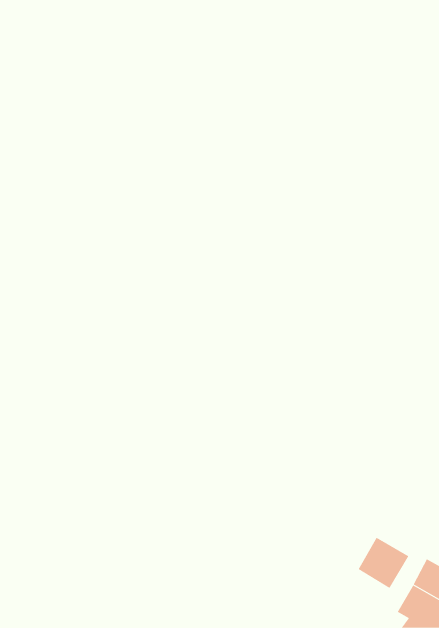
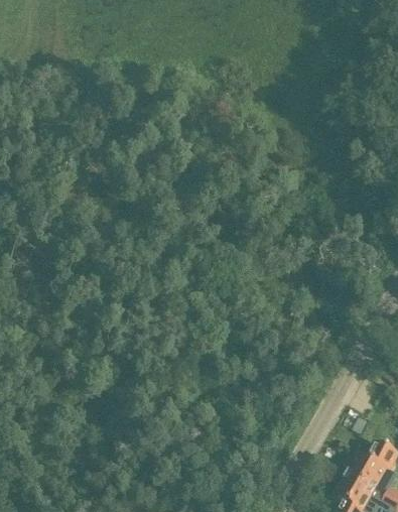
building: [358,537,409,589] -> none

